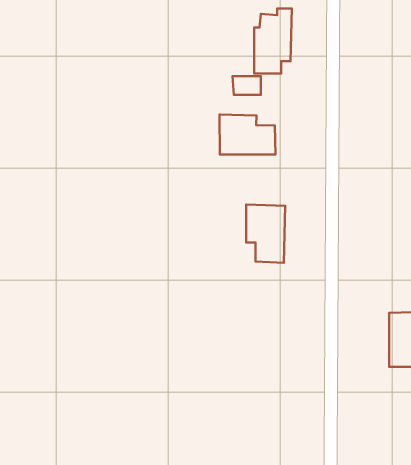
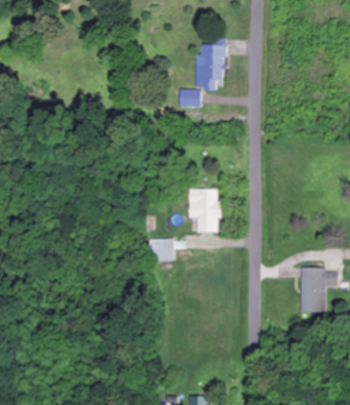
building: [220,115,275,155] -> none
building: none -> [152,241,174,260]

